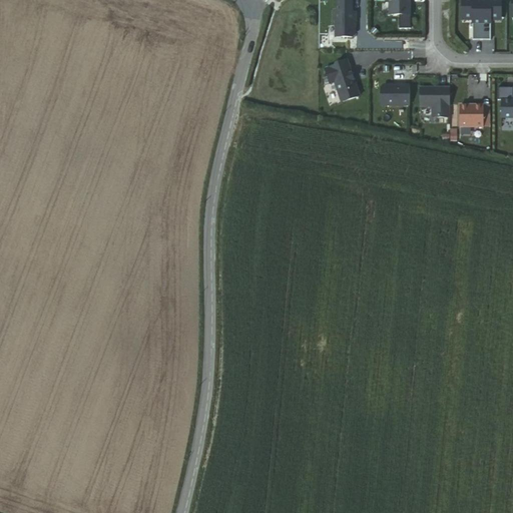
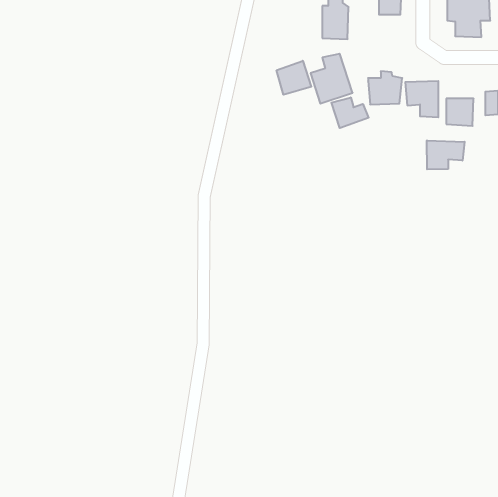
building: none -> [277,61,311,95]
building: none -> [331,97,369,128]
building: none -> [427,140,465,169]

